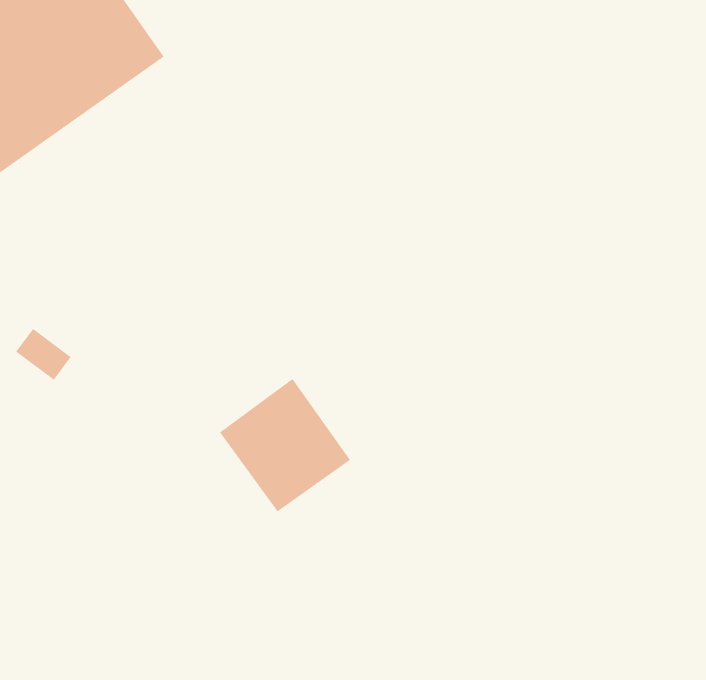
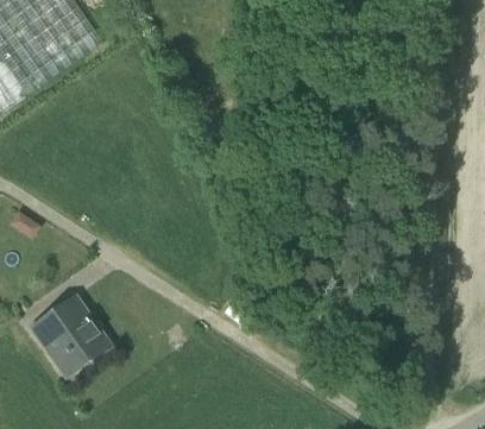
building: [219,378,351,512] -> [29,294,109,376]

